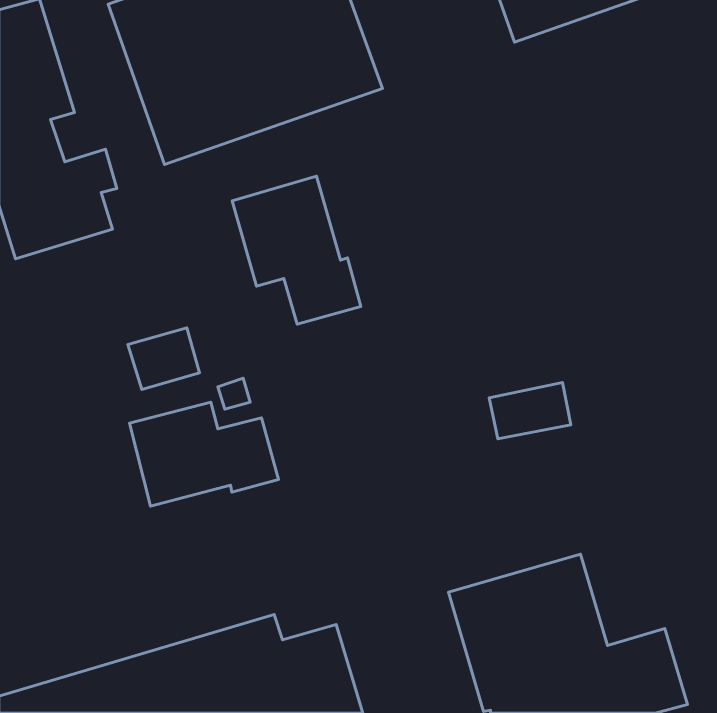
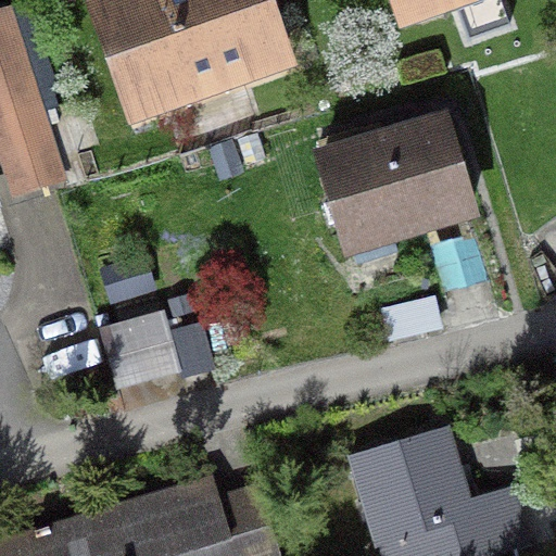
building: none -> [312,114,479,261]
building: [232,176,361,324] -> none

